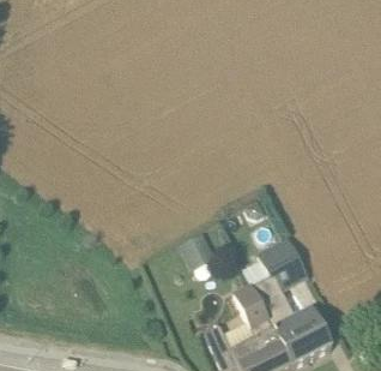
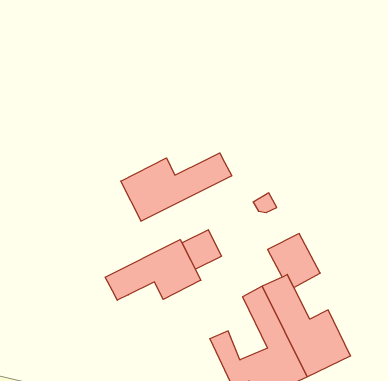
building: none -> [121,153,232,221]
building: none -> [105,240,201,300]

